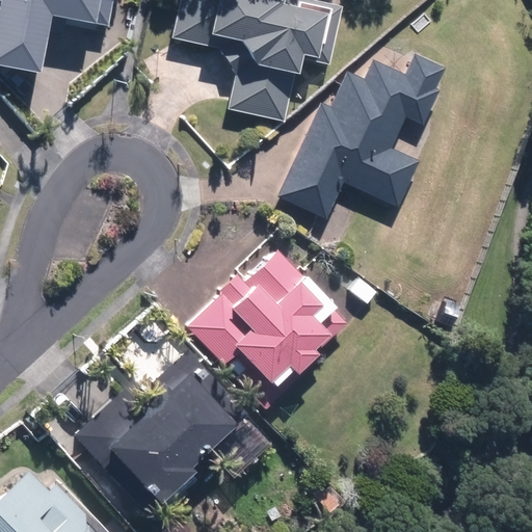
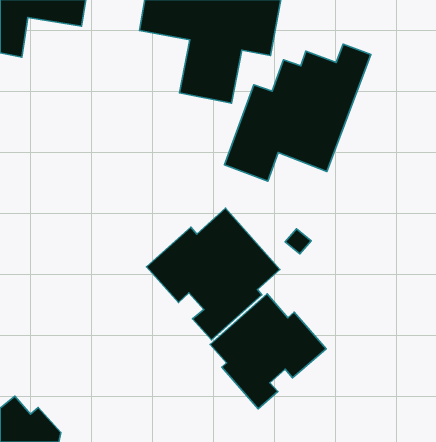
building: none -> [210,294,326,409]
building: [77,372,241,506] -> none

